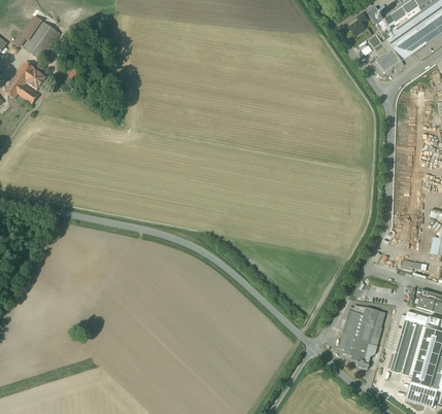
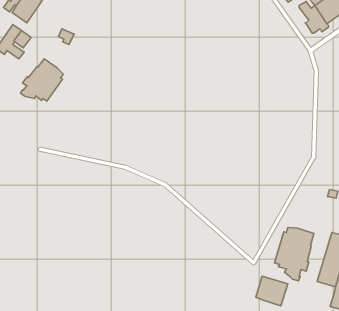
building: none -> [21,59,63,101]
building: none -> [256,276,288,306]

